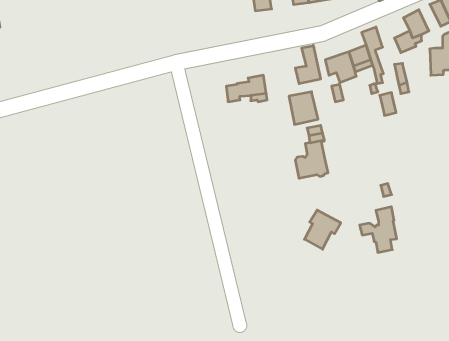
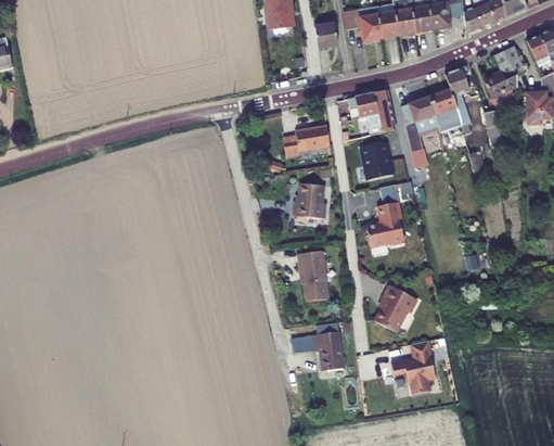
building: none -> [348,92,378,119]
building: none -> [293,183,326,218]
building: none -> [297,251,328,301]
building: [360,207,397,252] -> [392,341,437,395]
building: none -> [313,331,345,370]

